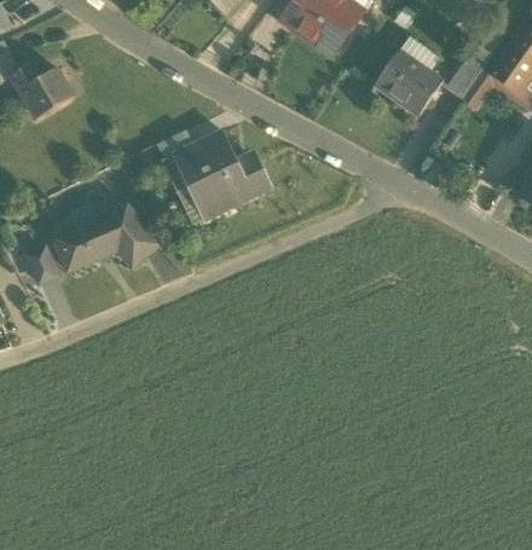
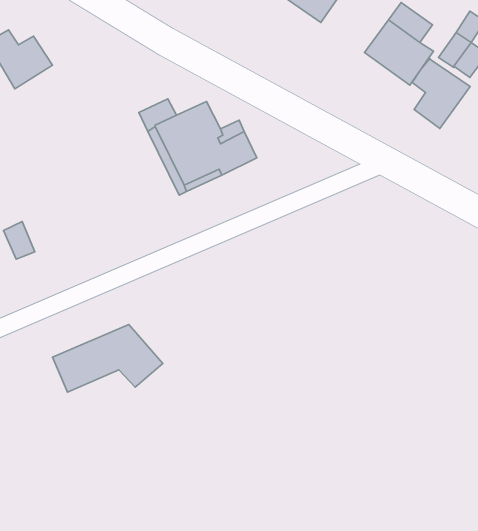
building: none -> [412,58,470,129]
building: [54,207,161,272] -> [52,325,163,392]

